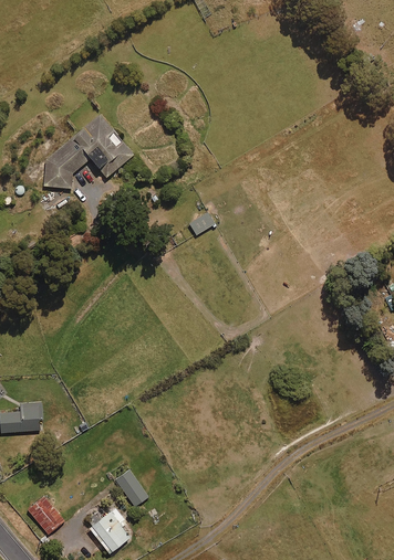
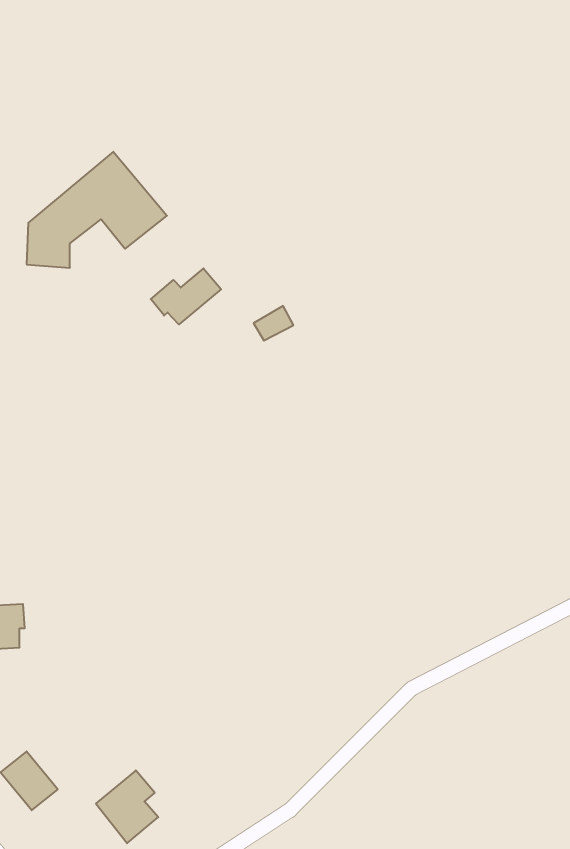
building: none -> [151,268,221,324]
building: [116,469,148,506] -> none

